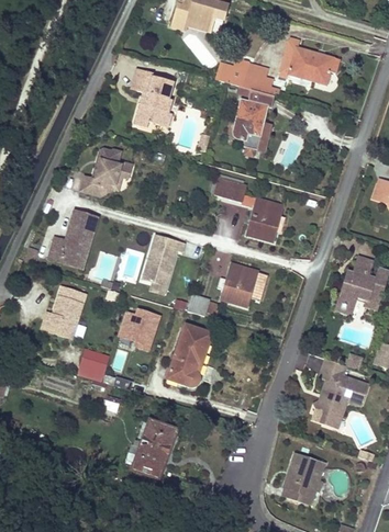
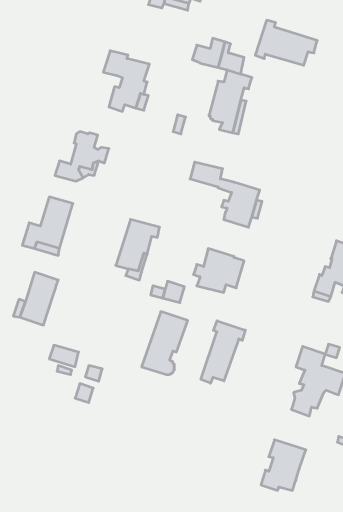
building: [118,308,158,351] -> none
building: none -> [201,321,245,383]
building: [133,419,176,477] -> none

